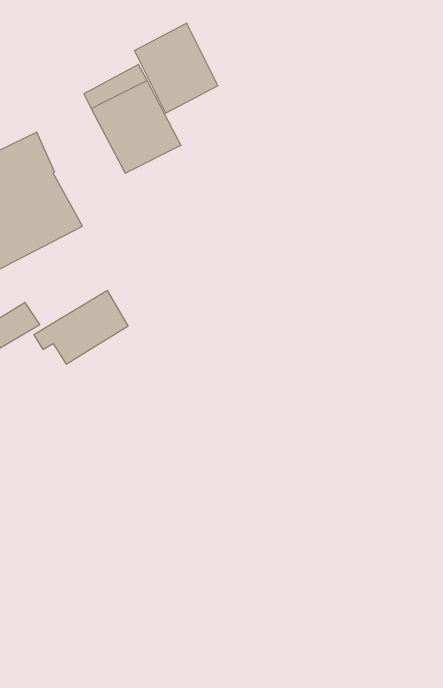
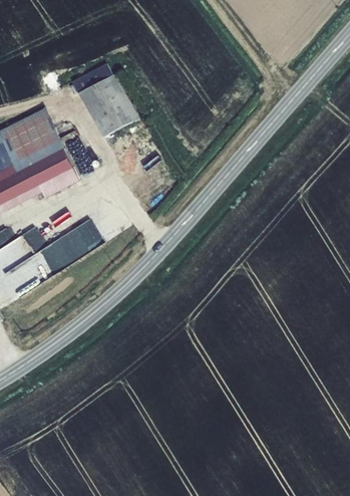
building: [134,23,218,113] -> none

